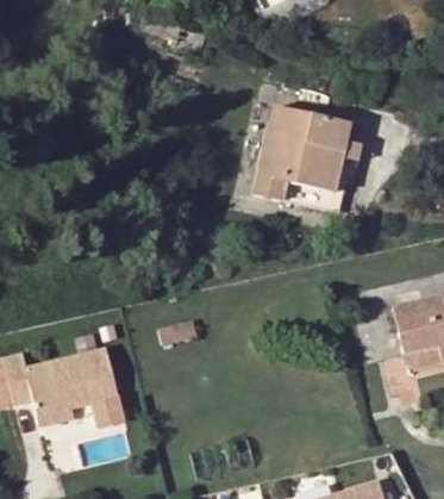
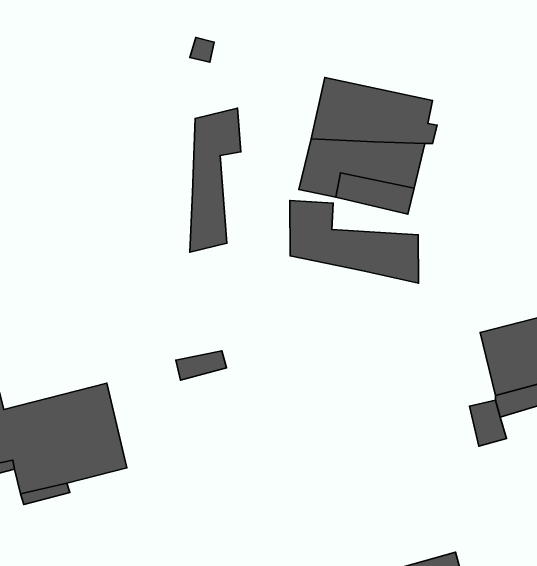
building: none -> [190,108,241,252]
building: none -> [290,201,418,283]

